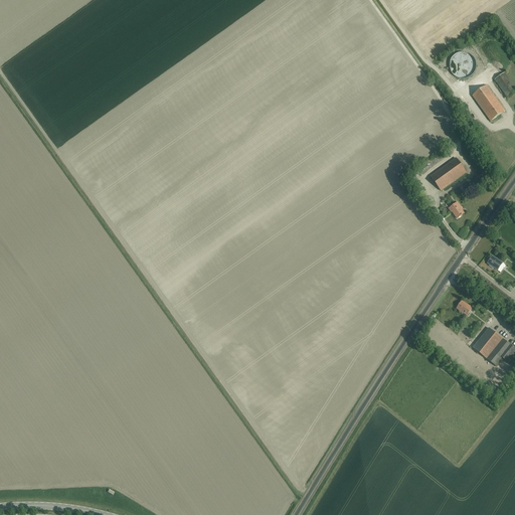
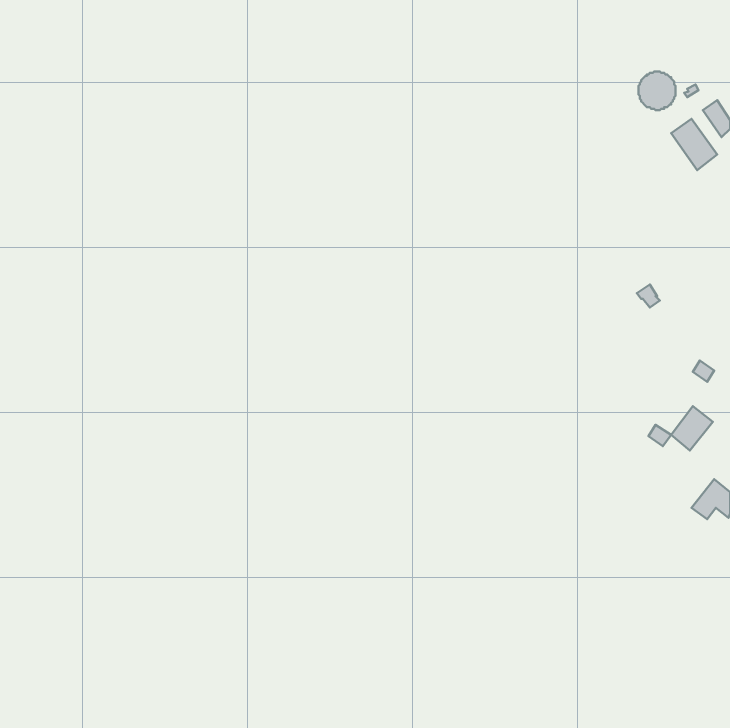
building: [430,156,466,189] -> none
building: [473,326,502,357] -> [671,406,713,451]

